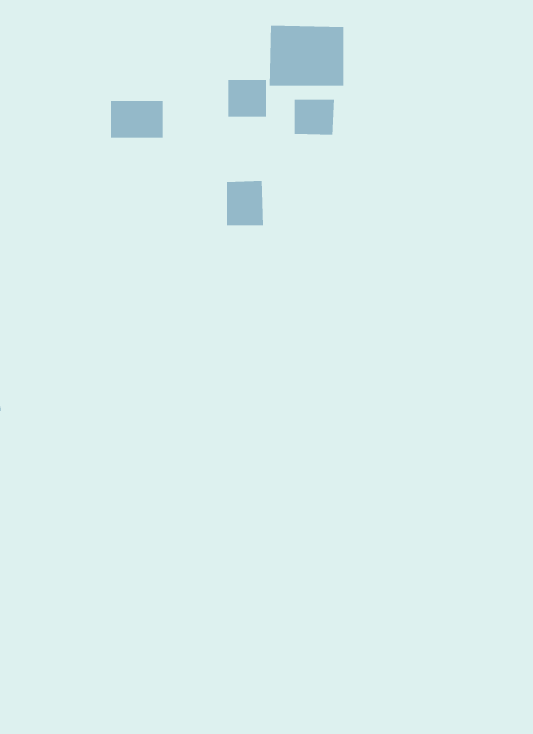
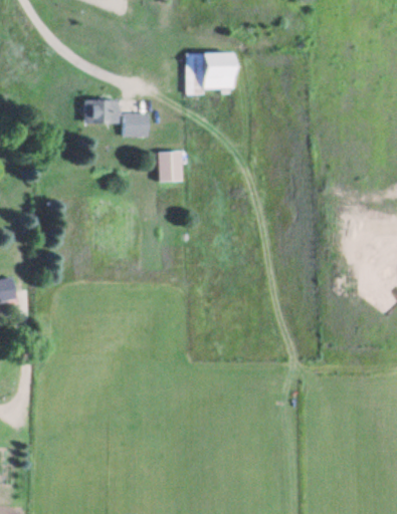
building: [228,80,267,117] -> [124,113,149,138]
building: [294,99,335,136] -> none

